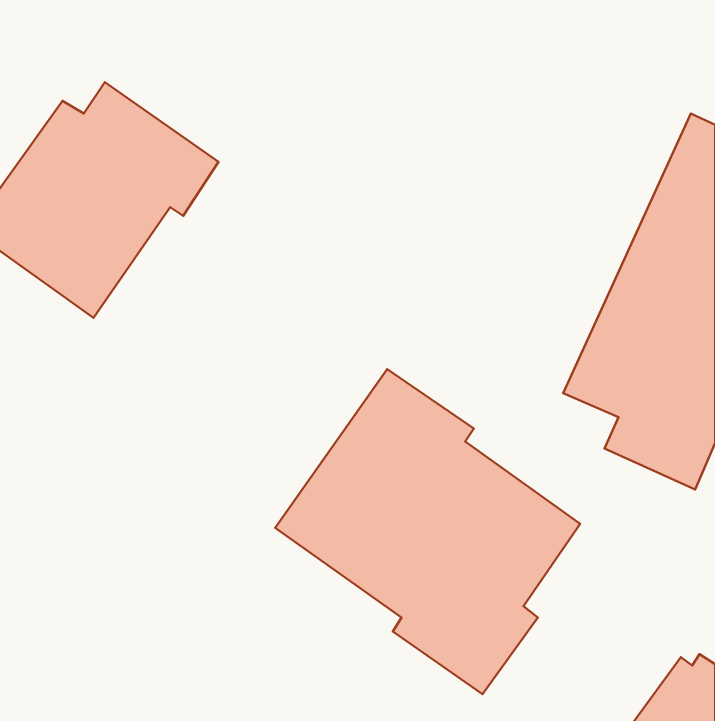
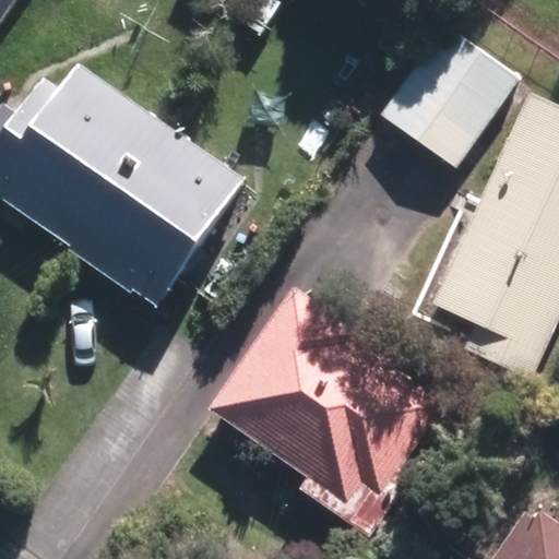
building: none -> [380,26,520,168]
building: none -> [72,128,249,310]

